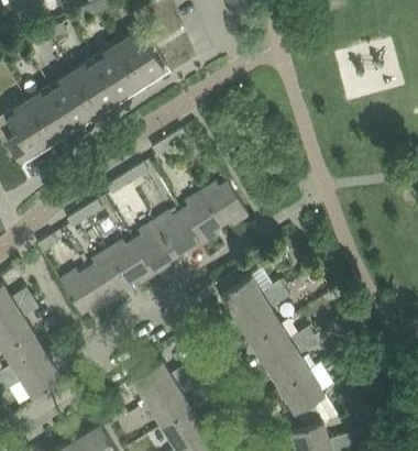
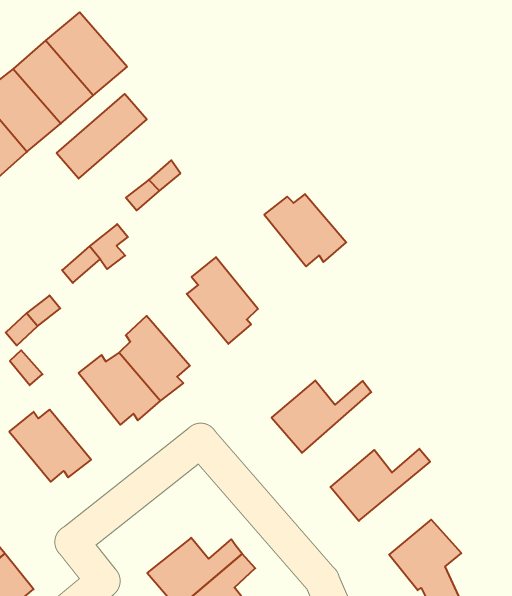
building: none -> [57,94,147,179]
building: [200,184,248,228] -> [264,194,346,266]
building: [153,212,200,256] -> none
building: [86,251,128,305] -> none
building: [235,288,288,342] -> none
building: [264,336,317,388] -> none

